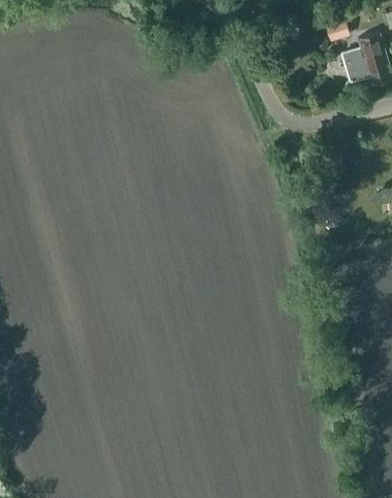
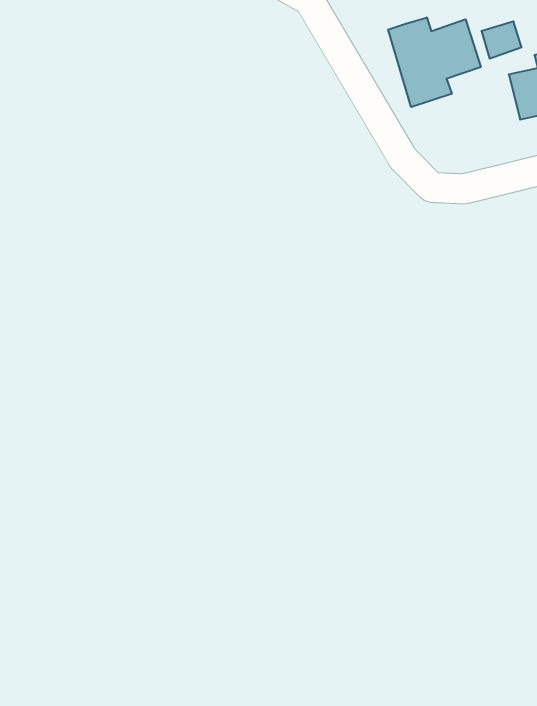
building: none -> [388,17,481,107]

